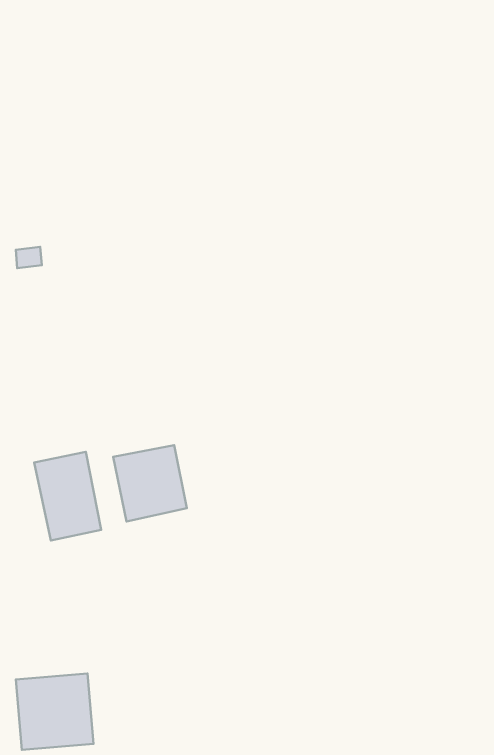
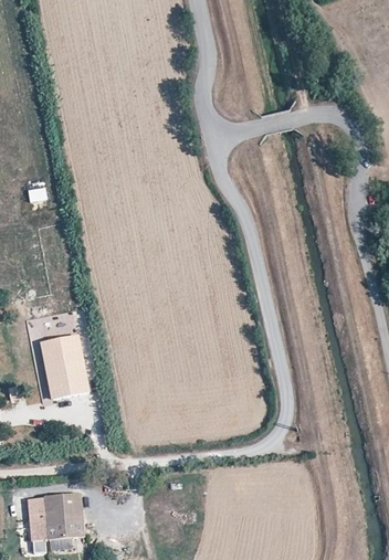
building: [113,445,187,521] -> none

